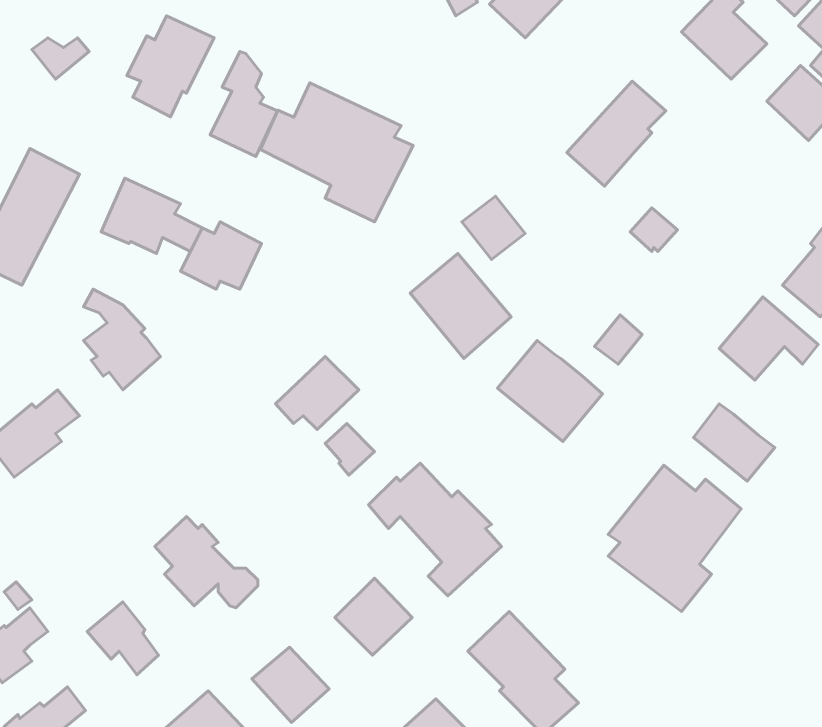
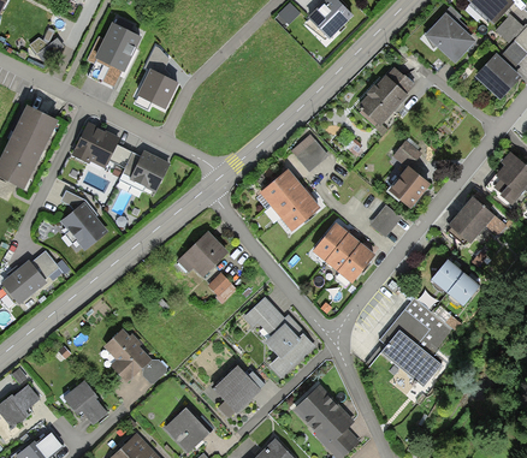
building: [261,83,413,222] -> none
building: none -> [387,165,430,208]

